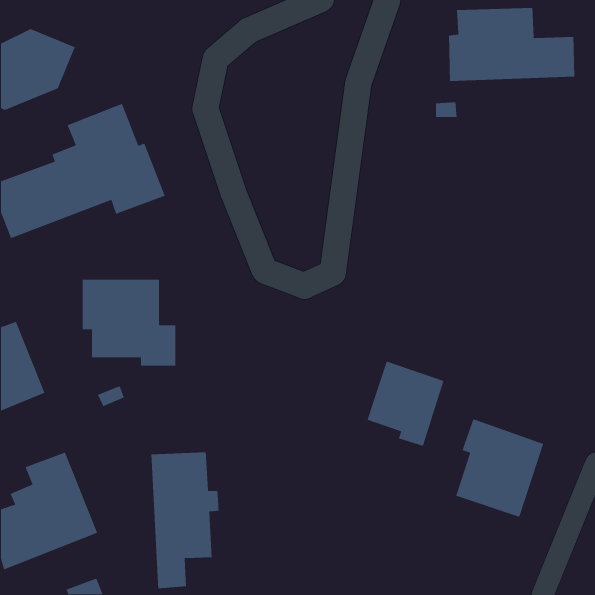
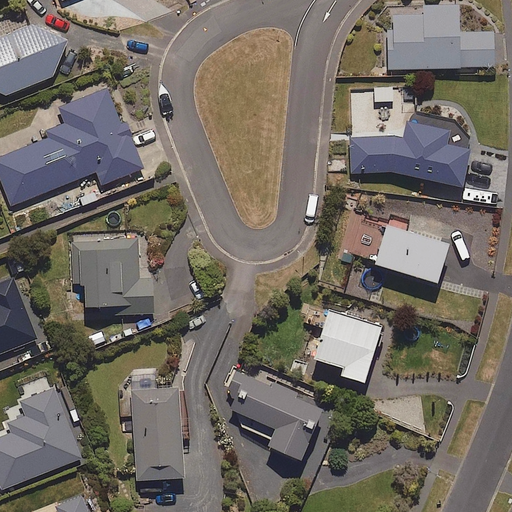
building: none -> [349,112,472,187]
building: none -> [373,214,446,284]
building: [455,418,544,518] -> none
building: none -> [219,370,320,461]

